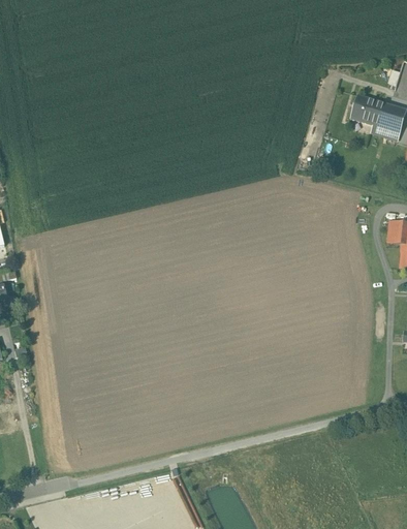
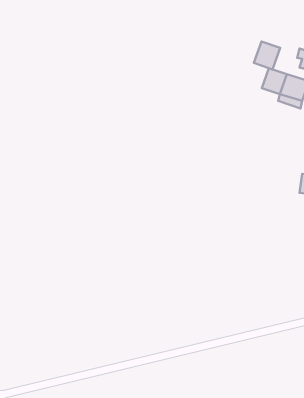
building: none -> [254,41,280,69]

